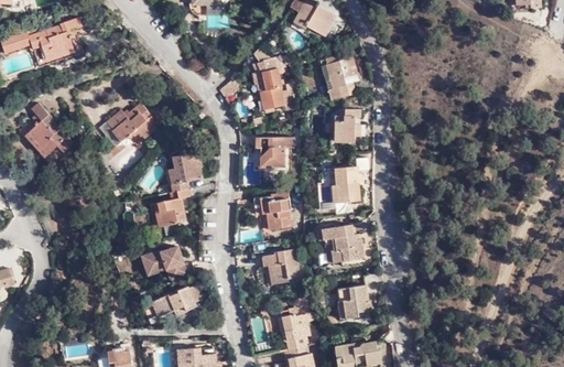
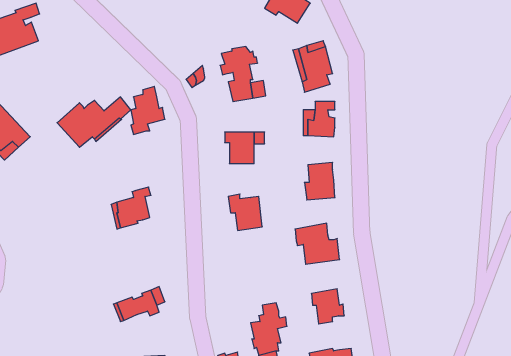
building: [171,148,203,193] -> [131,86,165,134]
building: [144,246,187,281] -> none
building: [261,248,300,283] -> none

